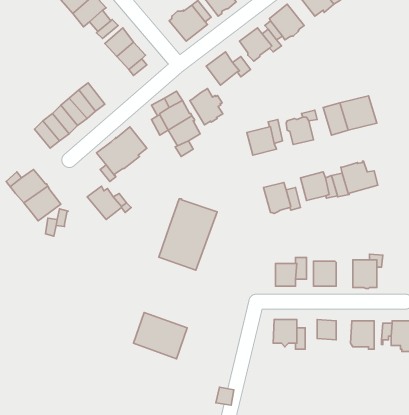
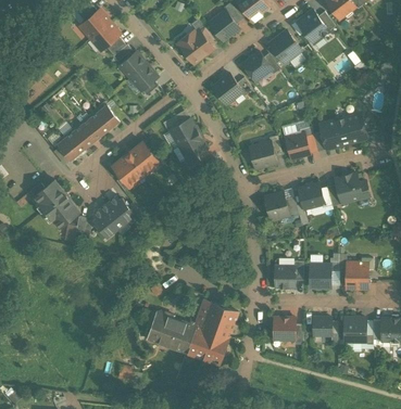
building: [190,89,223,125] -> none
building: none -> [92,206,121,238]
building: [159,199,217,270] -> [185,301,238,366]

